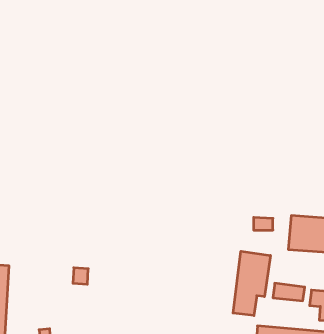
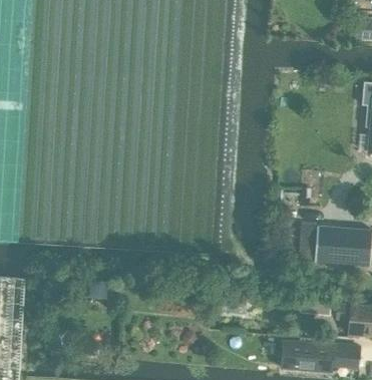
building: [233,251,270,316] -> none

